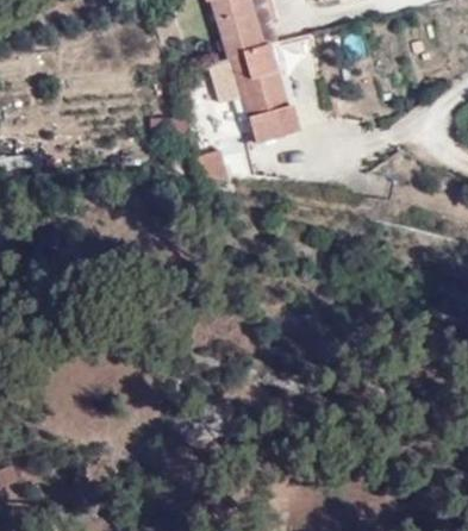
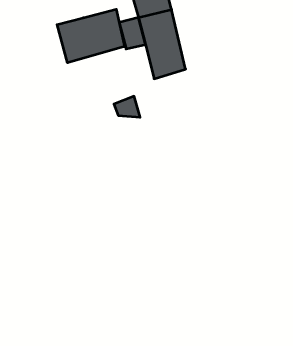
building: none -> [57,9,124,63]

